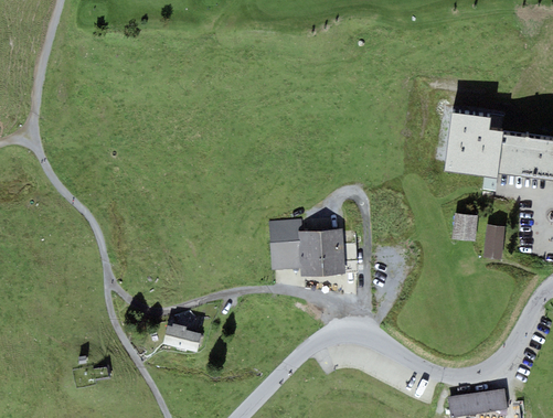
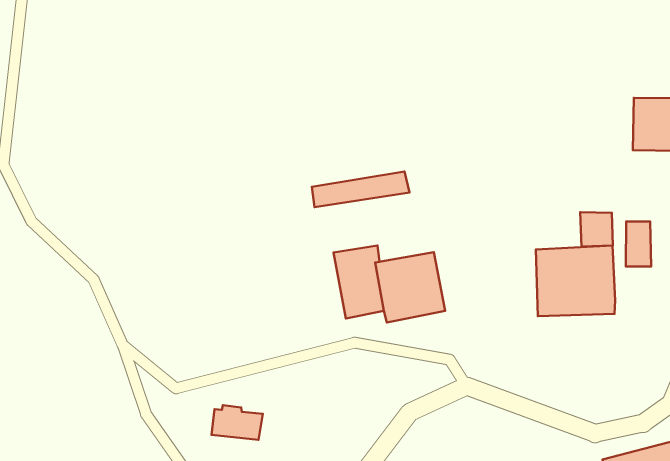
building: [444,111,504,176] -> none
building: none -> [312,172,410,207]
building: none -> [536,246,615,316]

